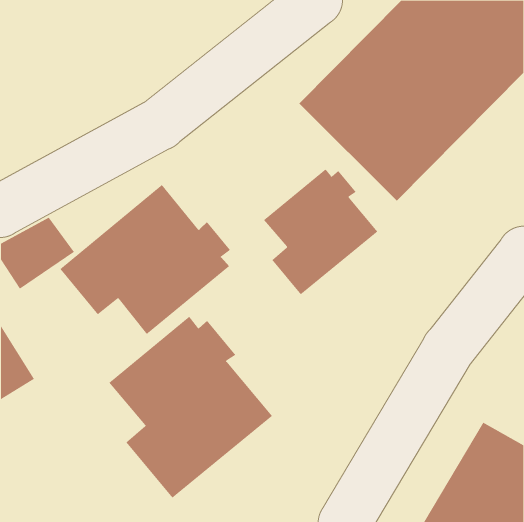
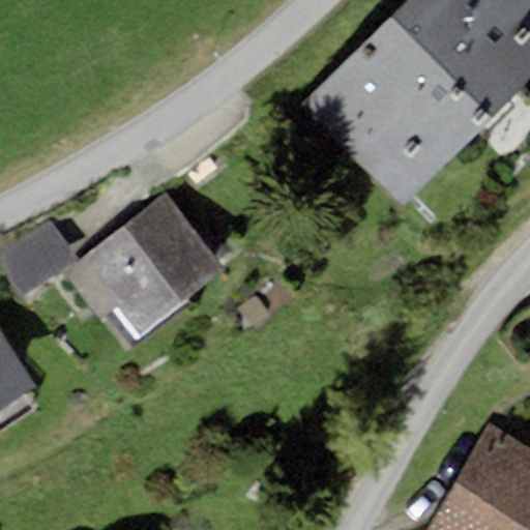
building: [263,168,378,295] -> none
building: [108,316,273,499] -> none

